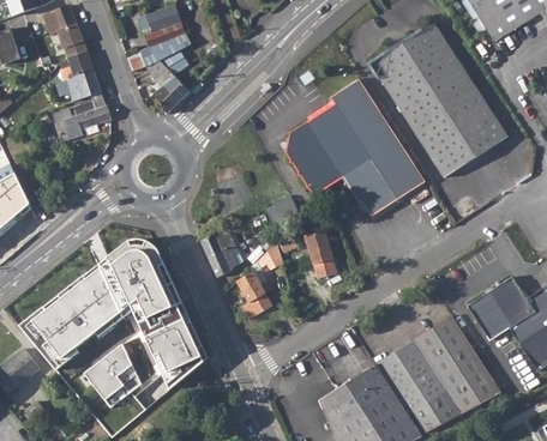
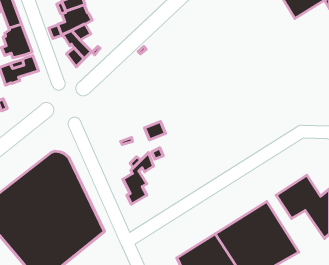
building: [371,22,507,176] -> none
building: [285,77,426,216] -> none
building: [200,228,239,277] -> none
building: [306,230,338,277] -> none

